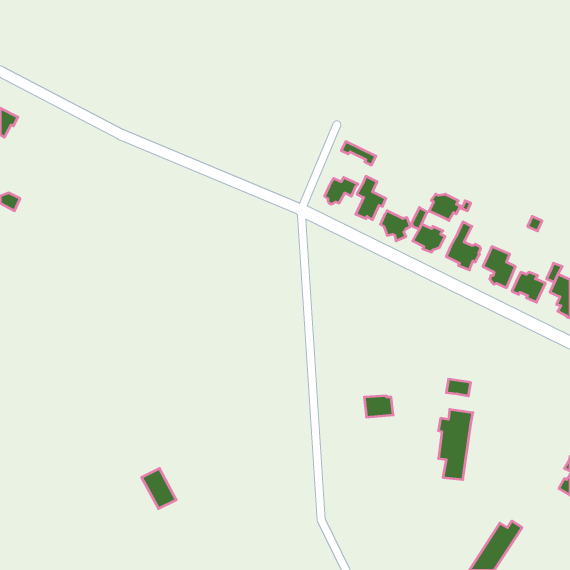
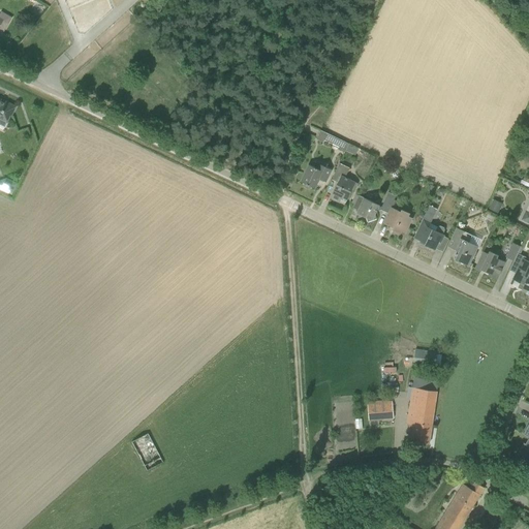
building: [429,194,461,221] -> none
building: [364,396,393,417] -> [367,401,394,421]

